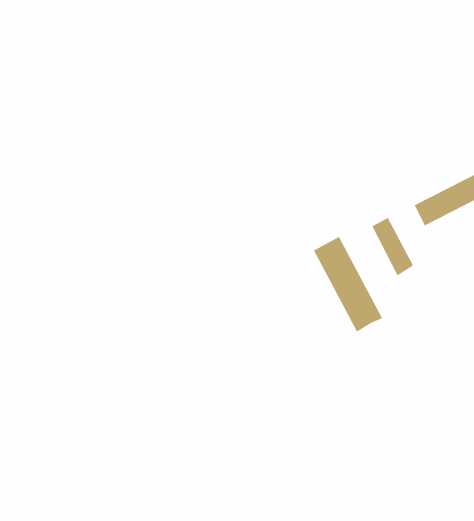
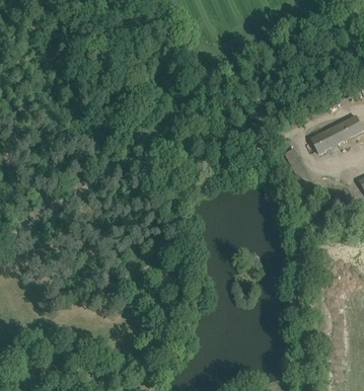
building: [313,236,383,333] -> none

